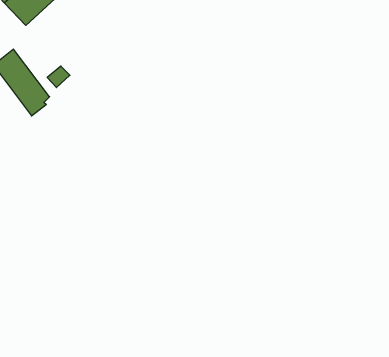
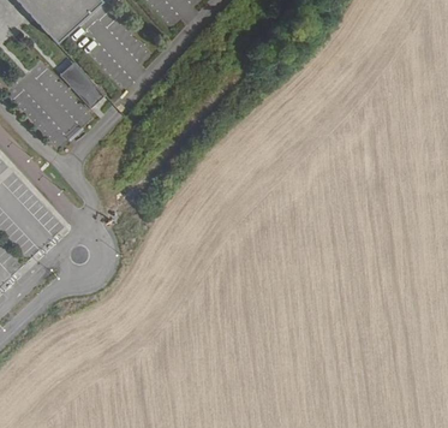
building: none -> [59,63,95,99]

